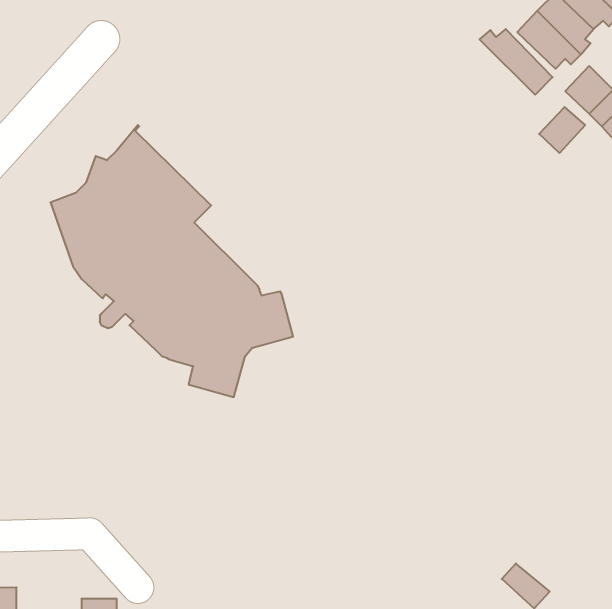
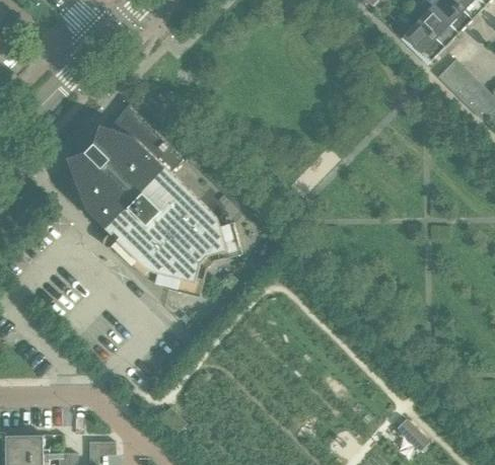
building: [480,29,553,95] -> none
building: [539,107,585,153] -> none

